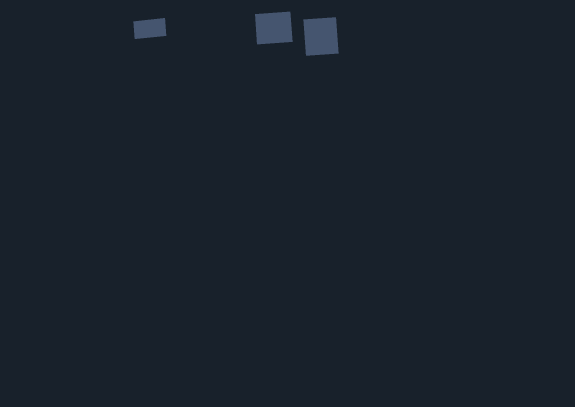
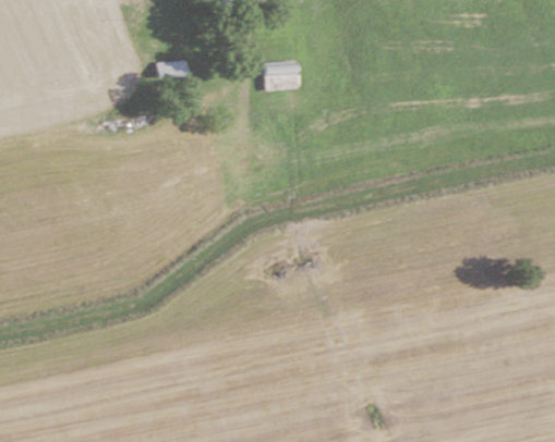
building: [303,16,339,57] -> none

